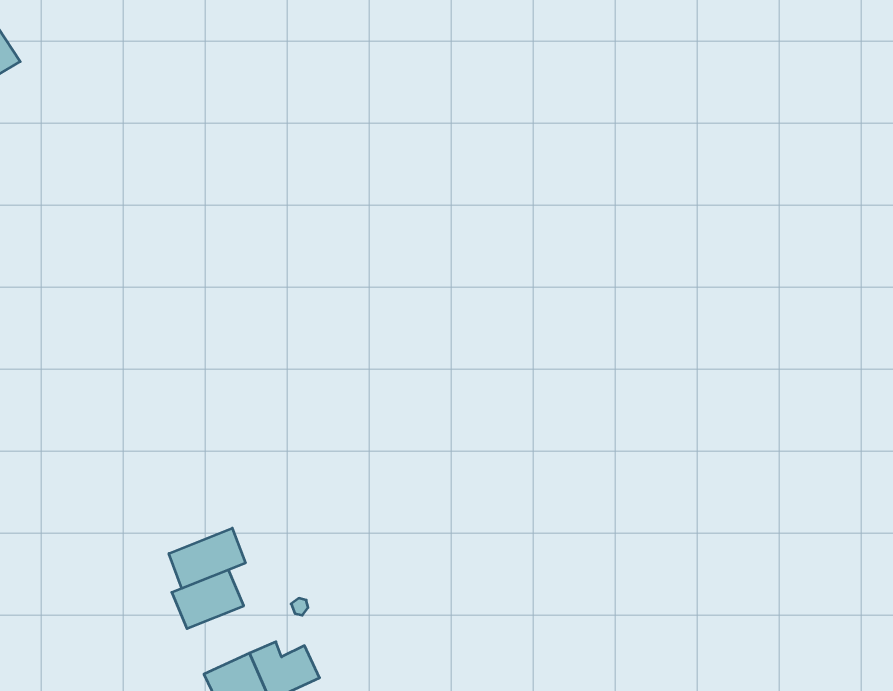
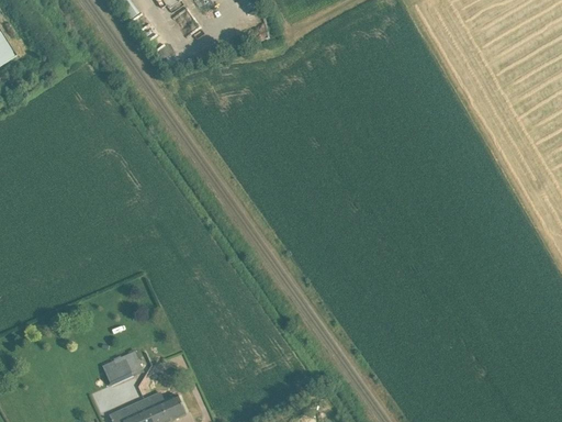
building: [169,528,245,588] -> none

